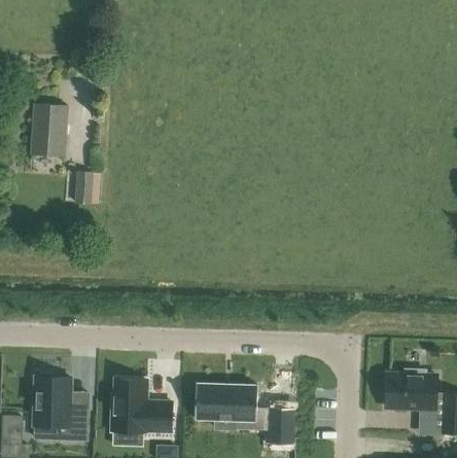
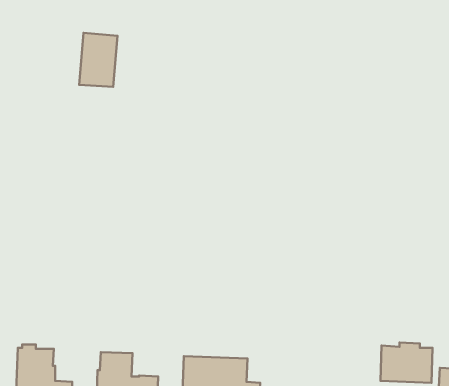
building: [31,105,68,157] -> [79,33,118,87]
building: [73,172,98,205] -> none

